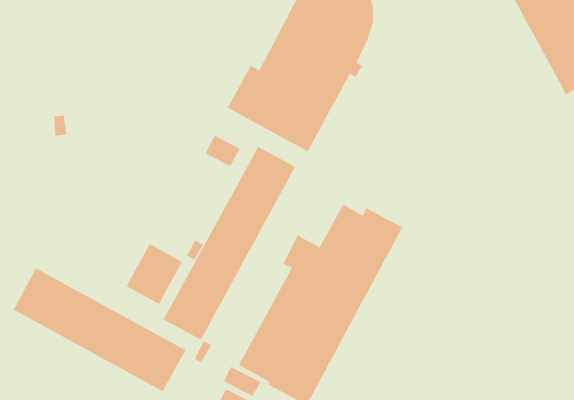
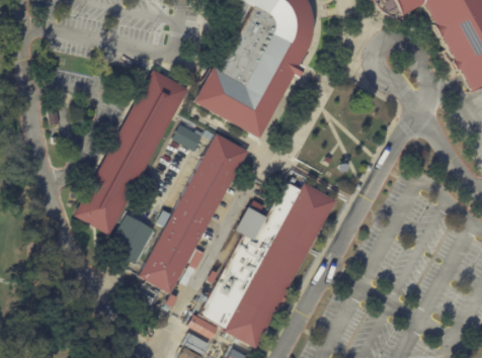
building: none -> [74,70,189,235]
building: [13,268,186,392] -> none

